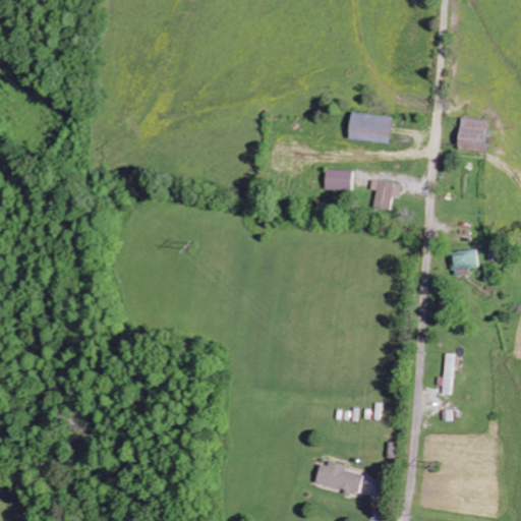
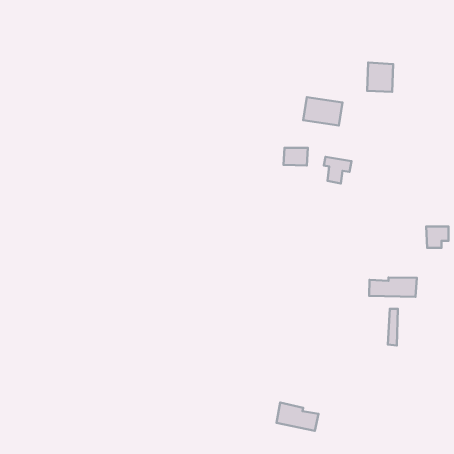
building: [457,117,486,151] -> [367,62,393,92]
building: [451,250,476,275] -> [426,226,448,248]
building: none -> [369,278,417,297]

